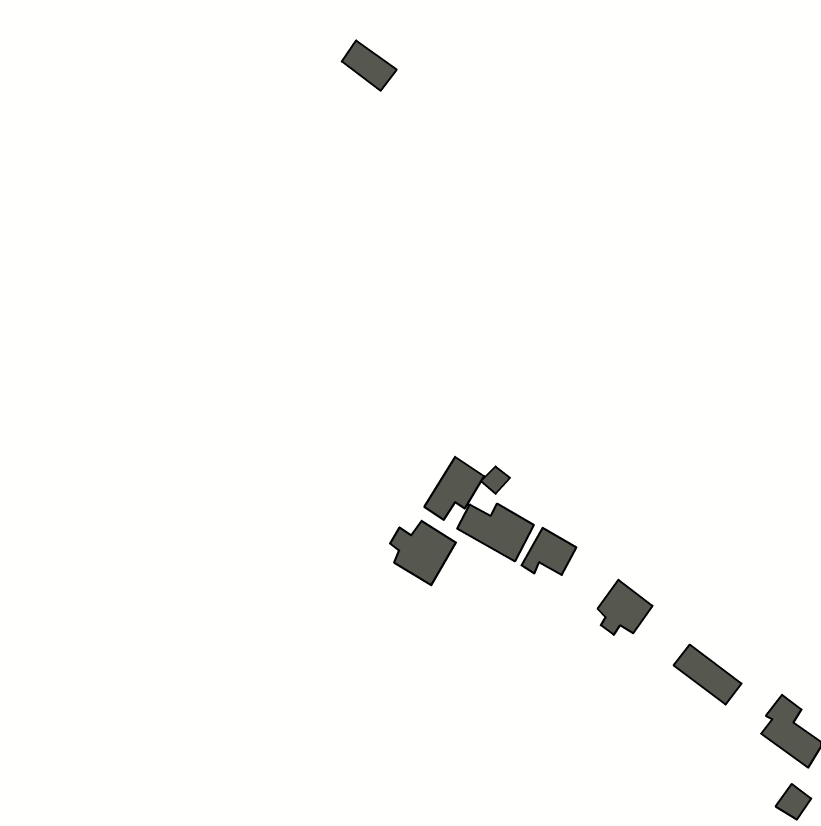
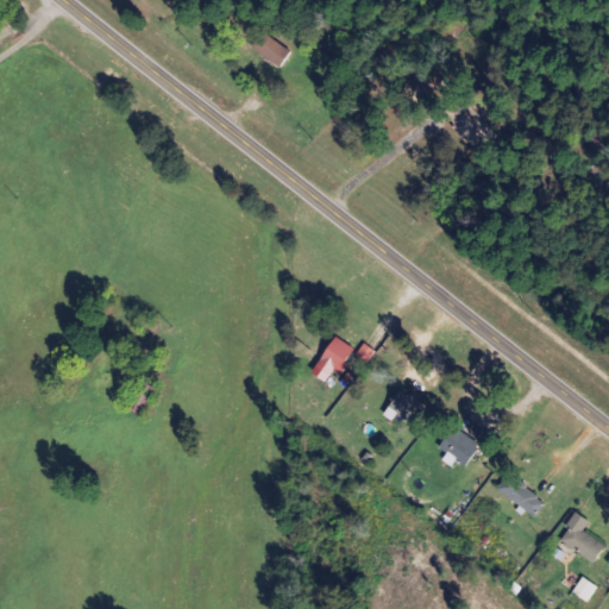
building: [457,504,534,561] -> none
building: [390,521,456,585] -> none

